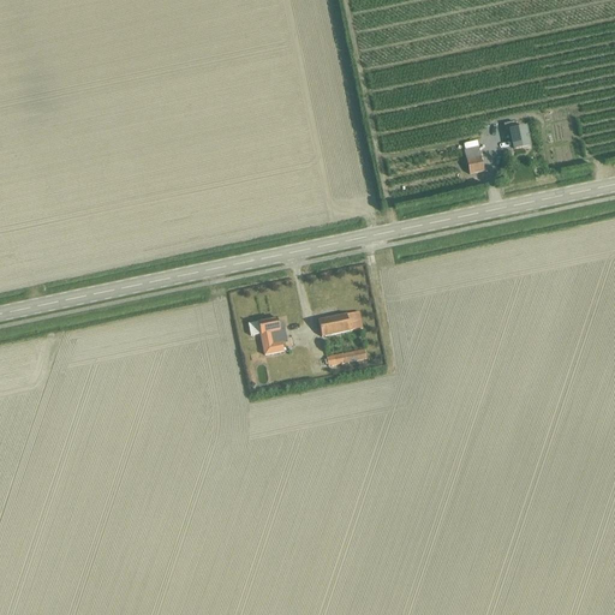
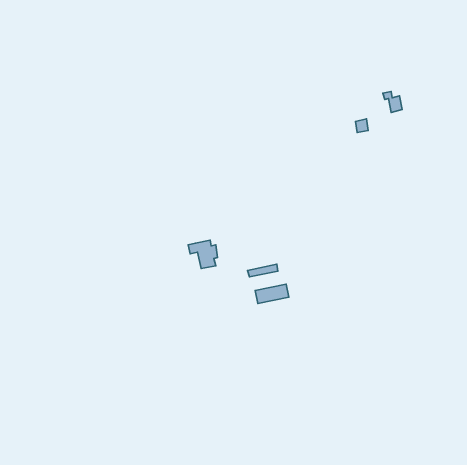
building: [317,310,362,335] -> [255,284,289,303]

